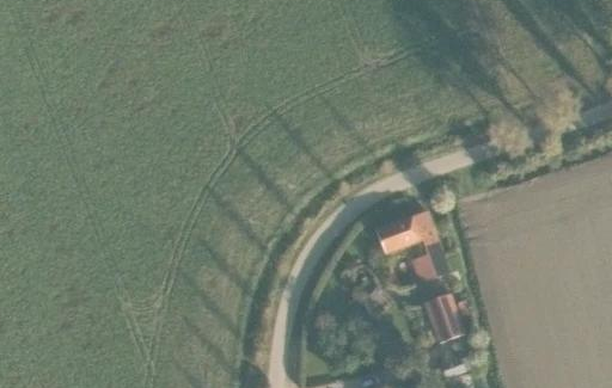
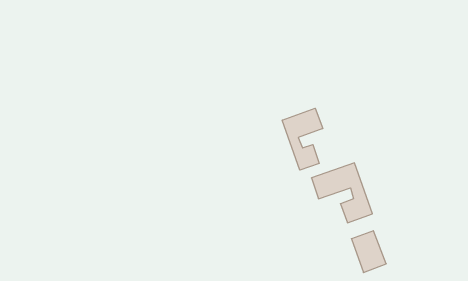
building: none -> [282,108,323,170]

